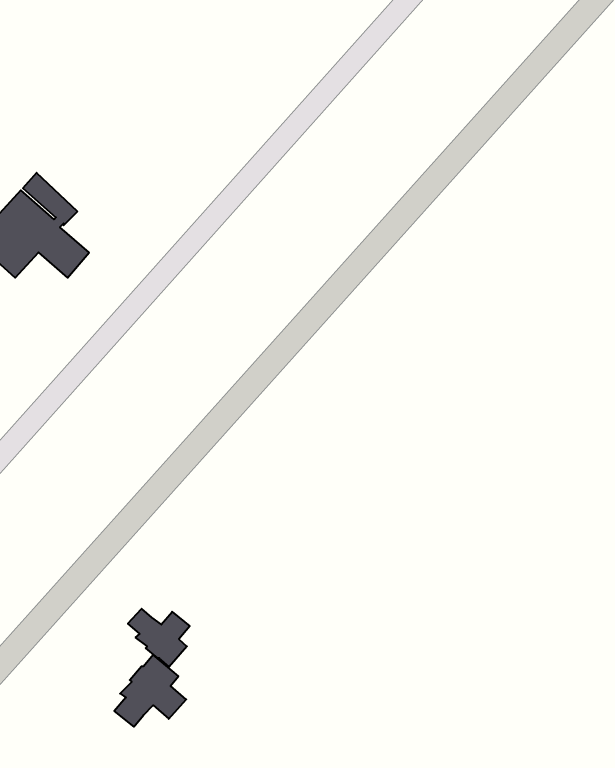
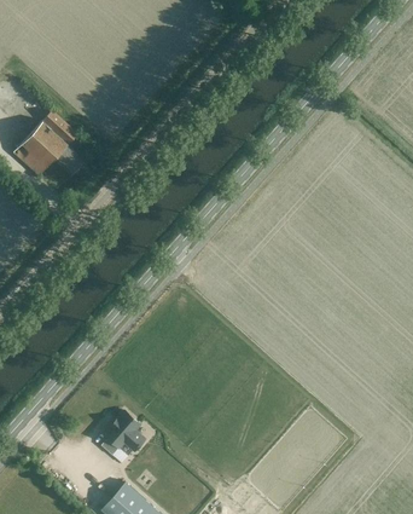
building: [128,609,190,667] -> none

